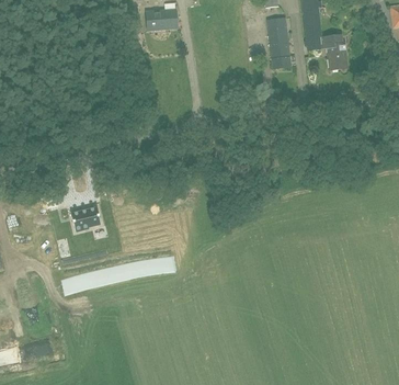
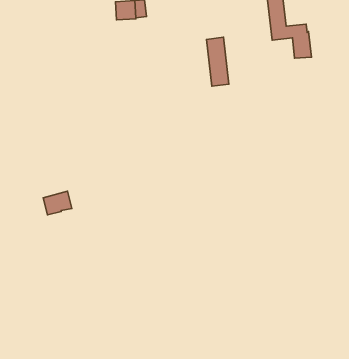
building: [266,16,289,67] -> [206,37,229,86]

